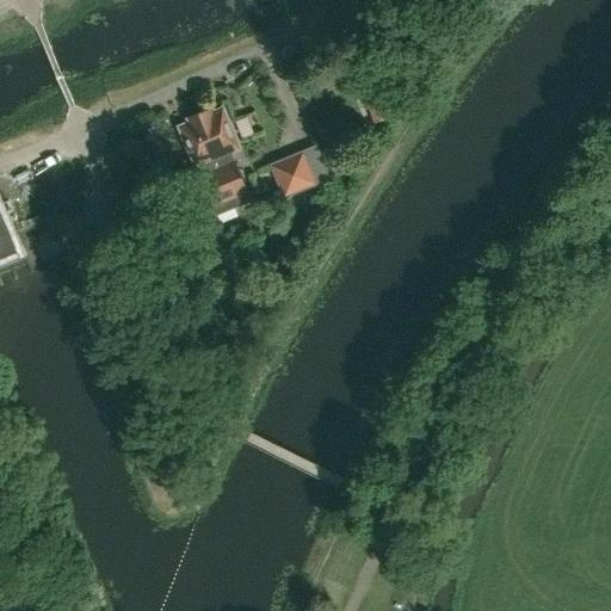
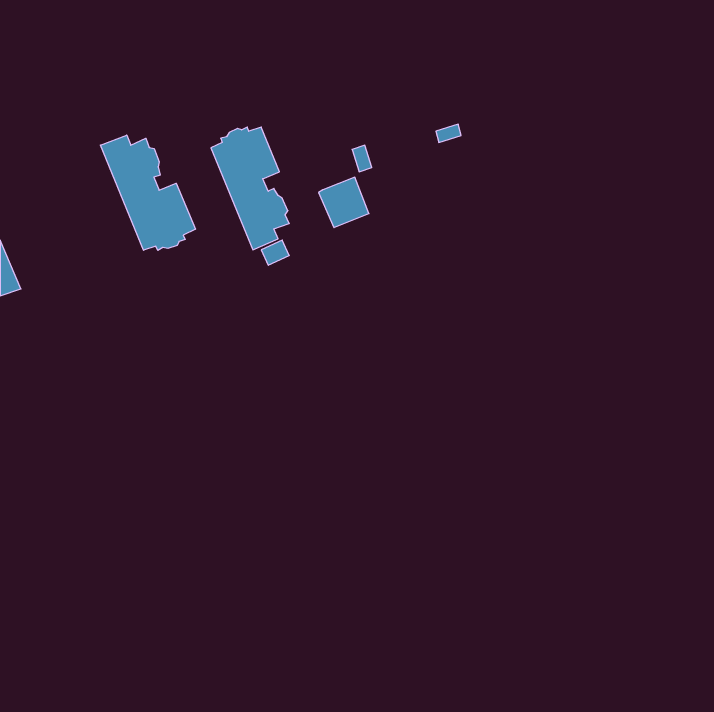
building: none -> [100,135,195,250]

